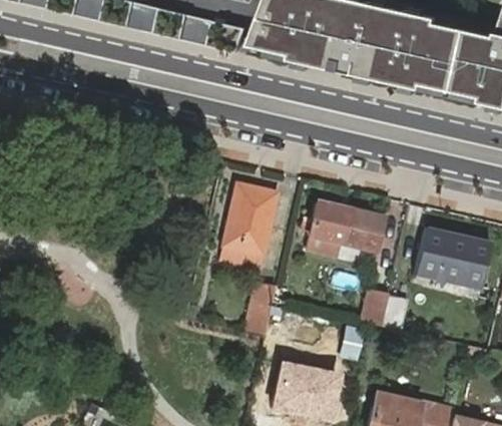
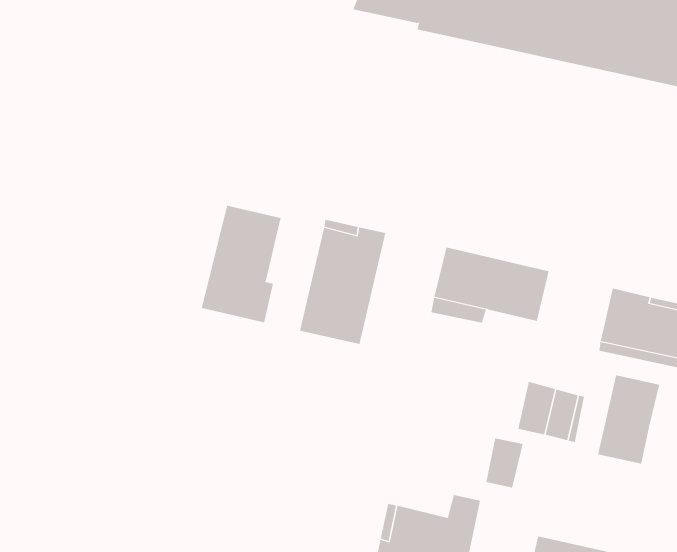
building: none -> [201,205,281,323]
building: [244,284,272,336] -> none
building: none -> [598,374,660,464]

